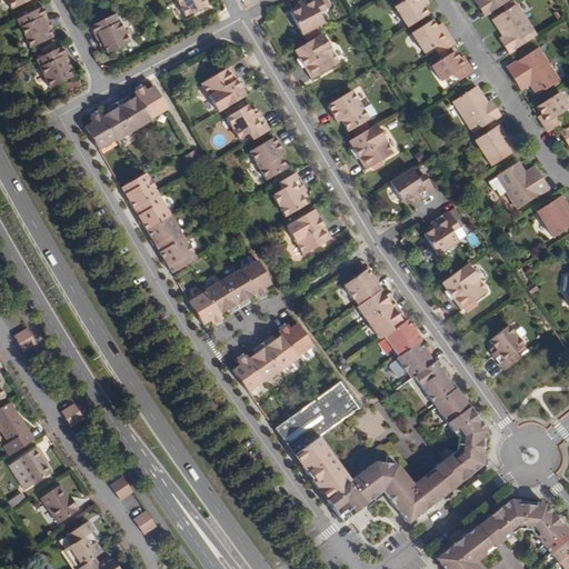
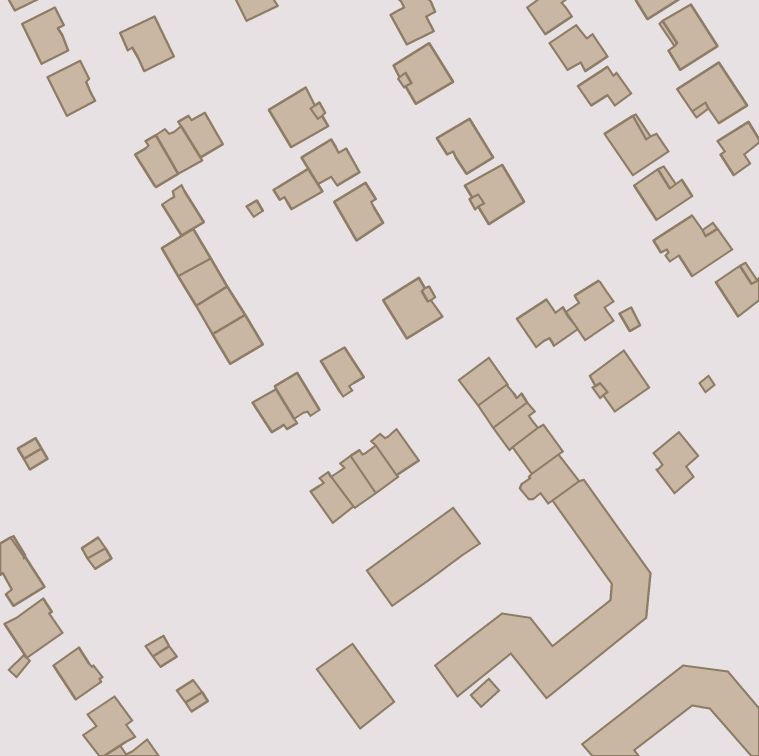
building: [84,111,116,149] -> [162,185,204,236]
building: none -> [273,169,323,209]
building: [389,167,435,202] -> [517,300,578,347]
building: [271,171,306,216] -> none
building: [222,268,254,307] -> none
building: [293,435,351,498] -> [317,644,394,729]

